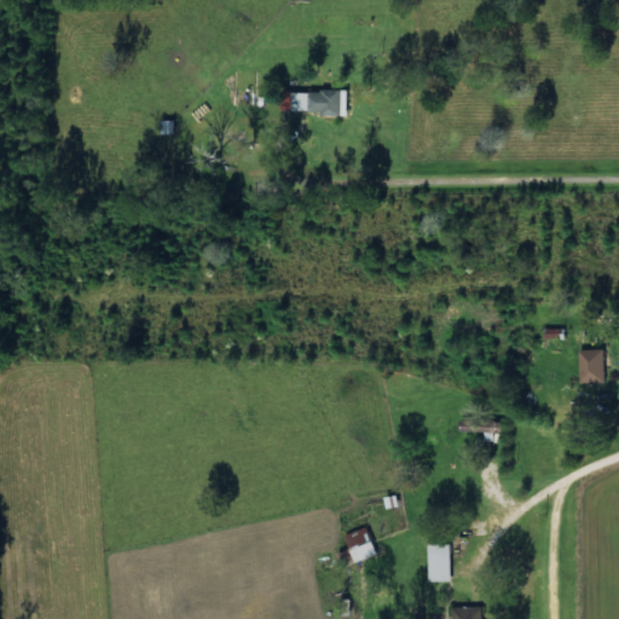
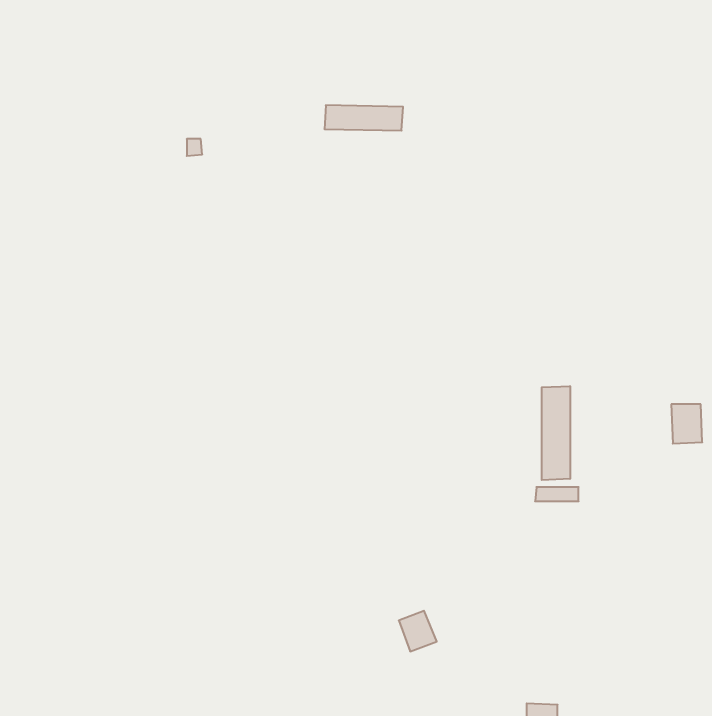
building: none -> [542,386,570,480]
building: [427,545,451,582] -> none

